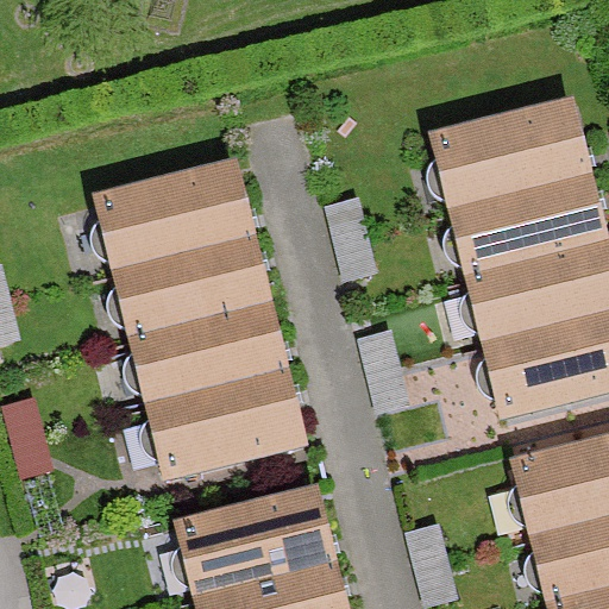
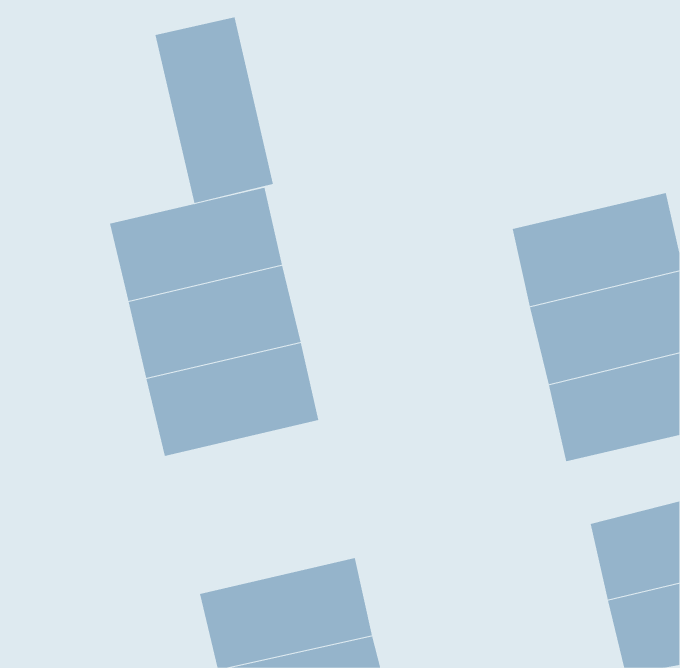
building: none -> [155,17,274,204]
building: [435,101,589,202] -> none
building: [145,371,299,472] -> none

